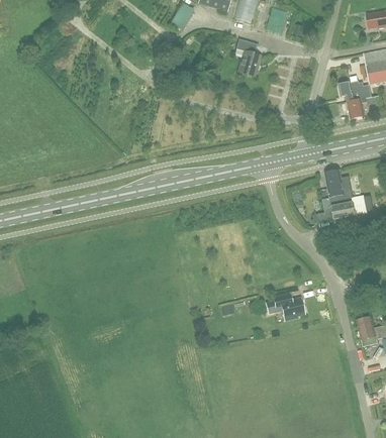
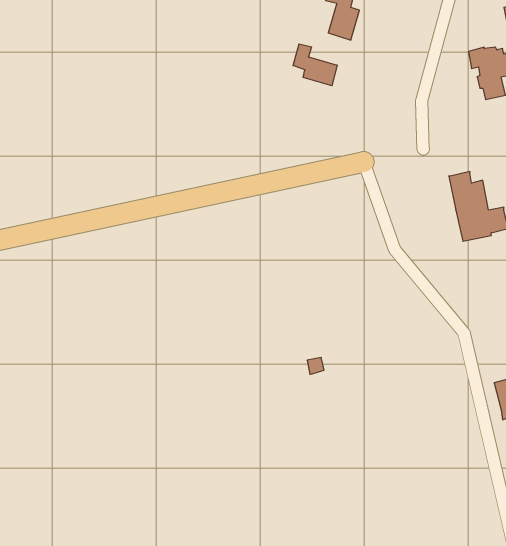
building: none -> [293,44,337,86]
building: [273,292,304,319] -> none

